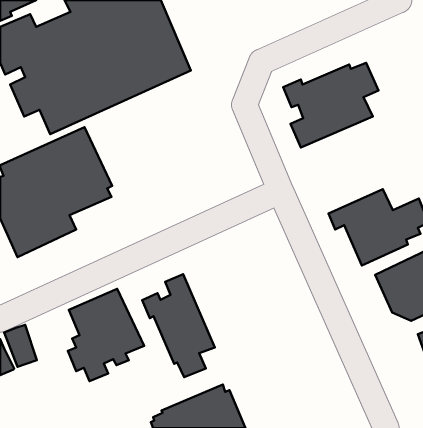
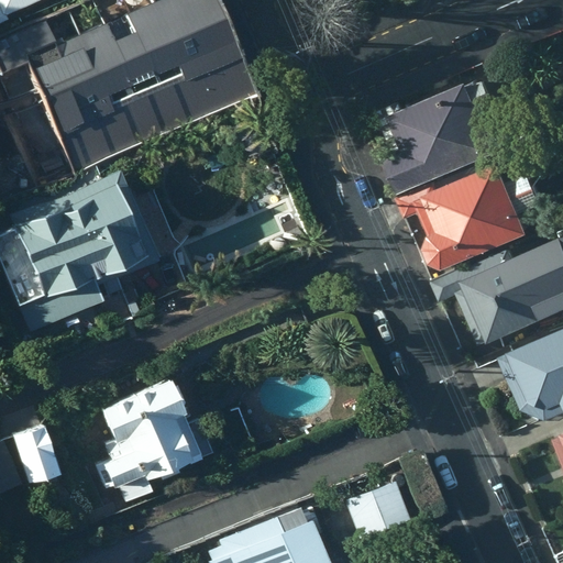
building: none -> [404,166,543,272]
building: [142,274,215,377] -> none
building: none -> [344,476,408,532]

